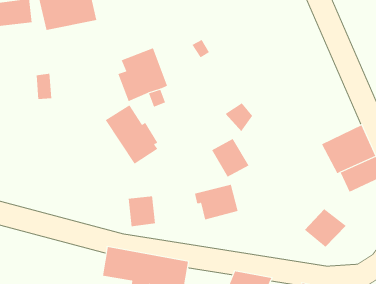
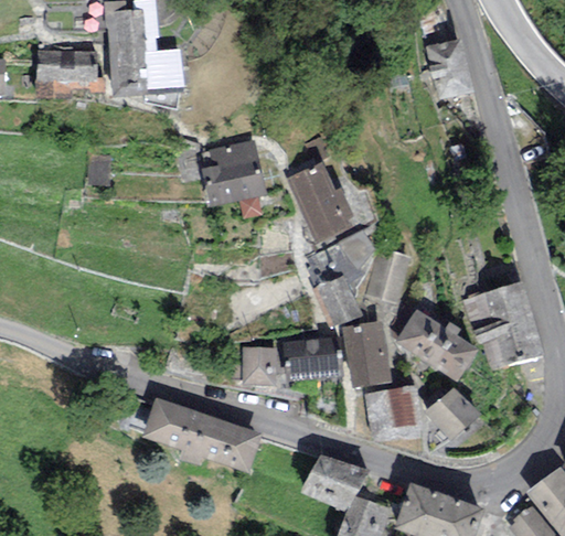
building: [105,104,158,165] -> [286,161,353,243]
building: none -> [366,248,412,303]
building: none -> [394,309,477,382]
building: none -> [343,322,390,387]
building: [128,196,156,227] -> [241,346,276,385]
building: none -> [364,386,422,432]

